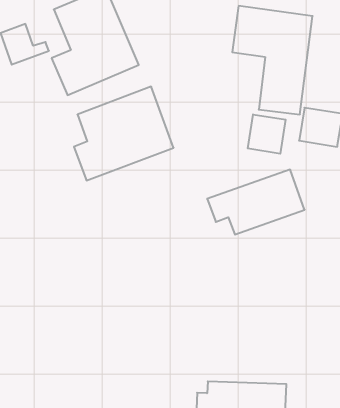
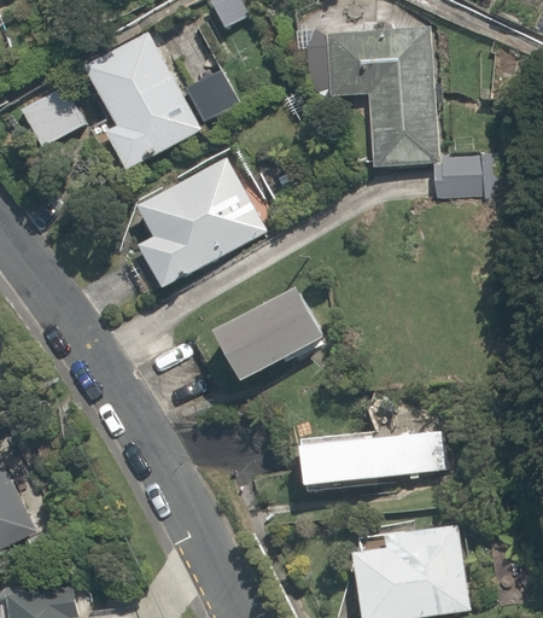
building: [248,114,286,154] -> none
building: [207,170,305,235] -> [193,285,325,381]
building: none -> [291,425,445,488]

